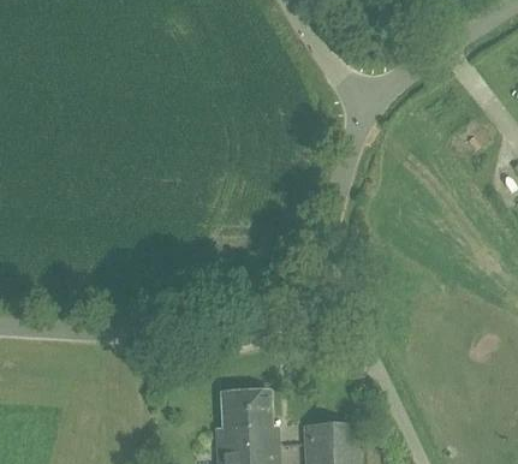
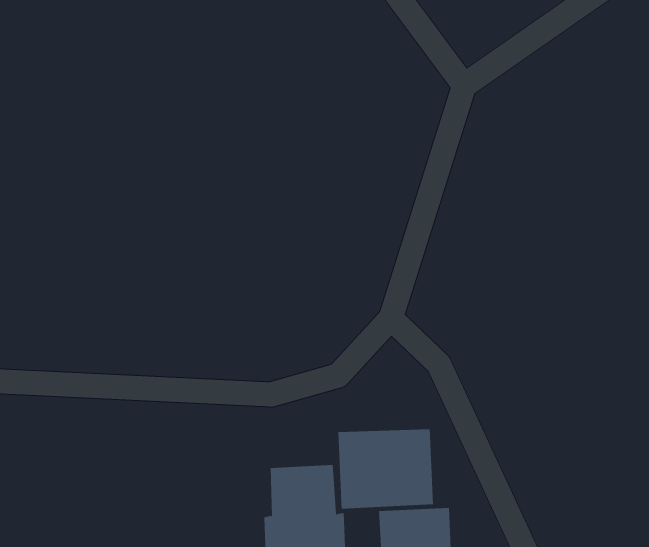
building: none -> [338,428,434,510]

